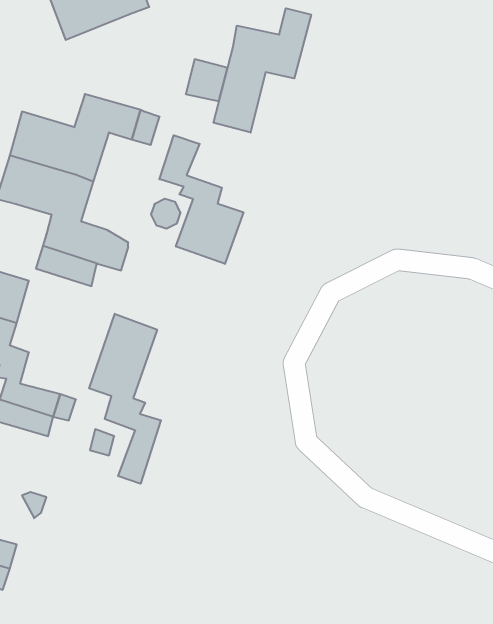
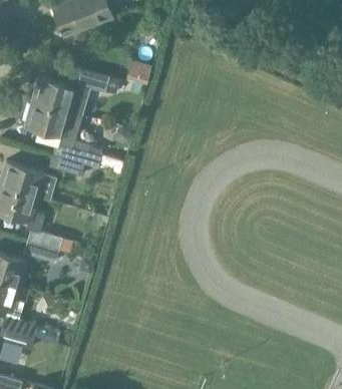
building: [214,8,311,133] -> none
building: [159,135,243,264] -> none
building: [89,314,161,484] -> none

